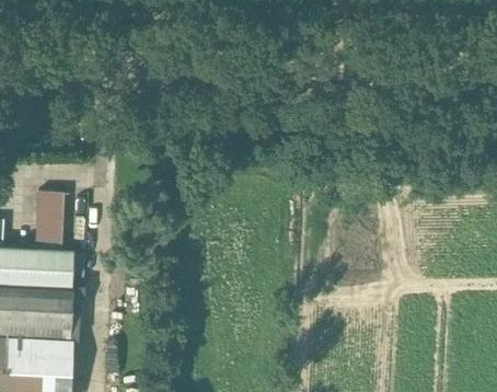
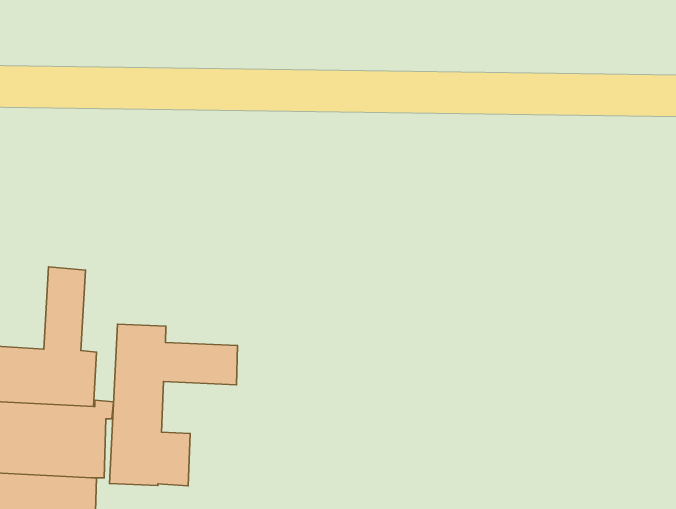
building: none -> [109,324,237,486]

